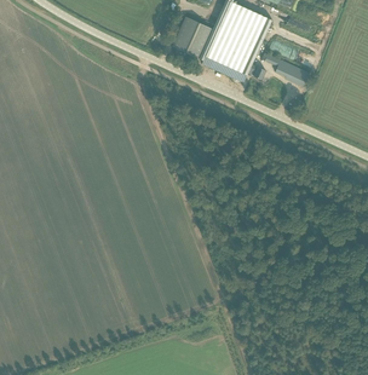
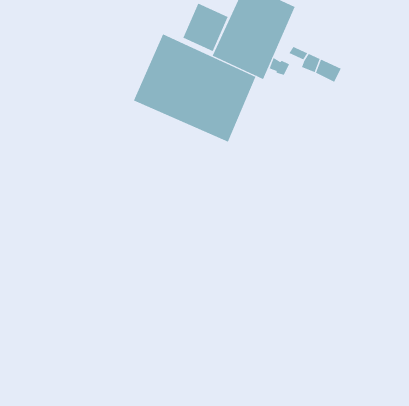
building: none -> [133,34,256,143]

